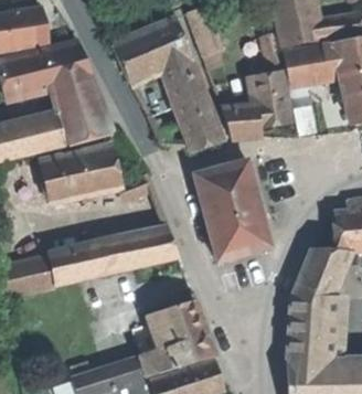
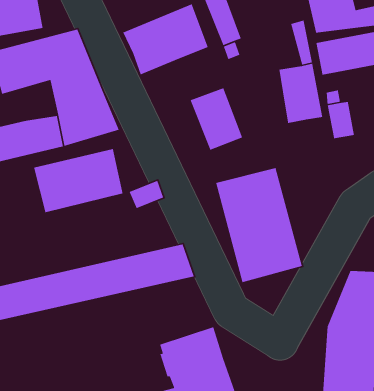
building: [166,57,204,103] -> none
building: [224,105,262,139] -> none

